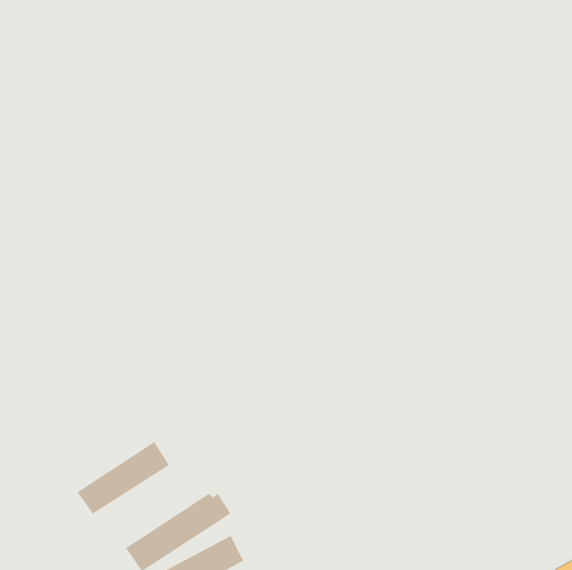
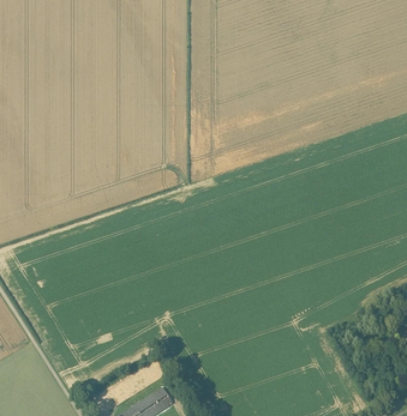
building: [77,441,170,515] -> none

